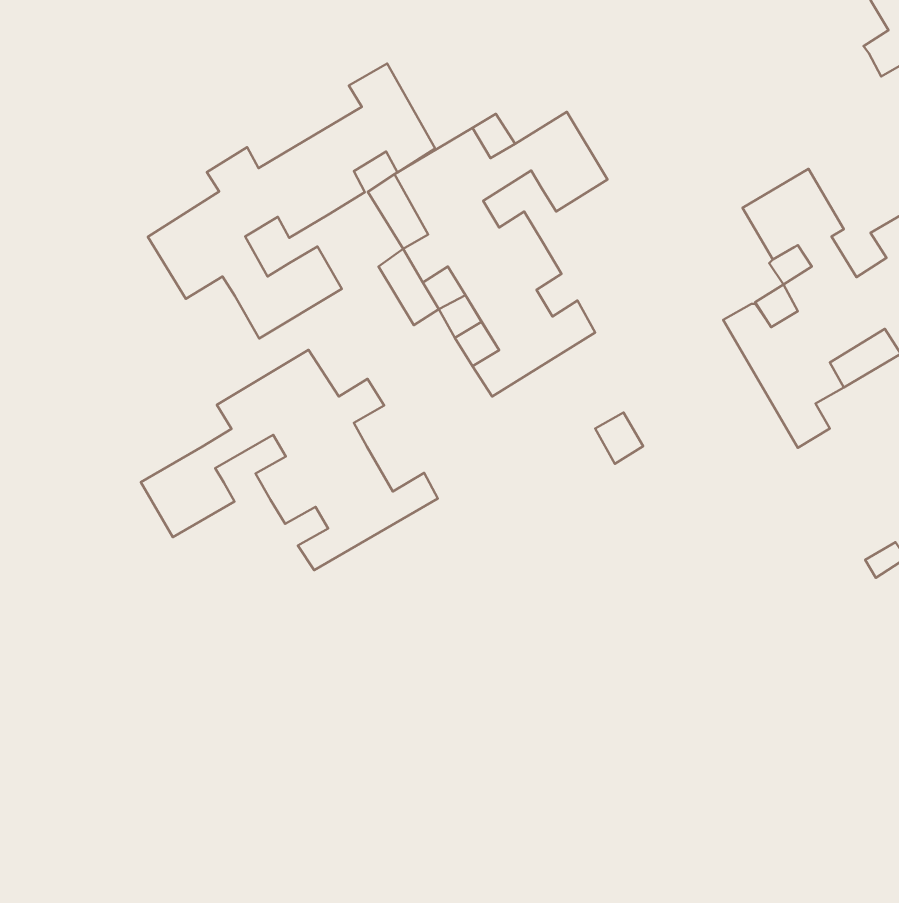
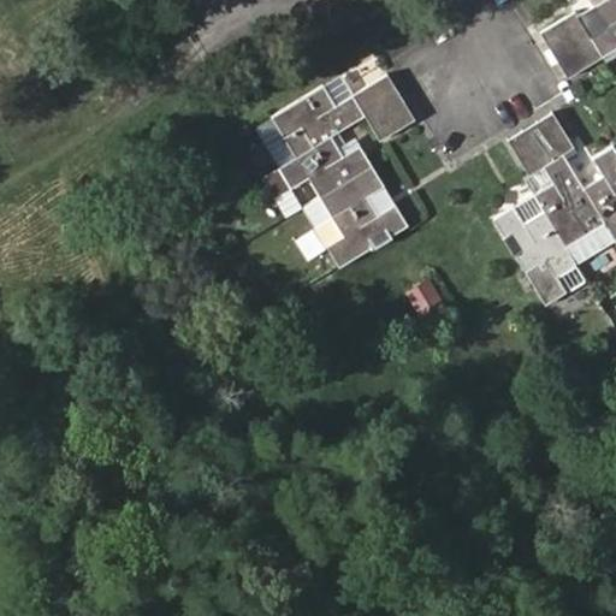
building: none -> [540,7,603,72]
building: [148,64,435,338] -> none
building: [141,350,438,570] -> none

